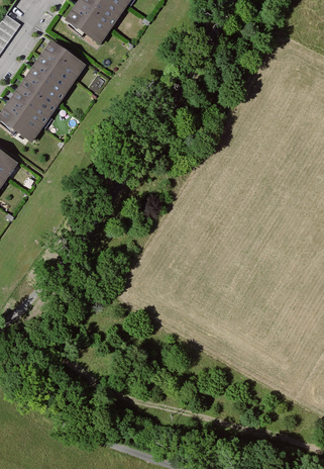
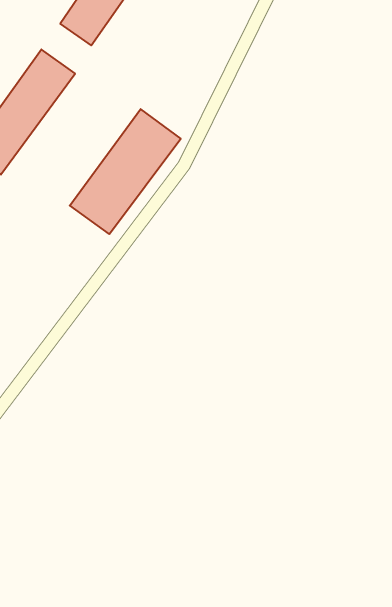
building: none -> [70,109,181,234]

